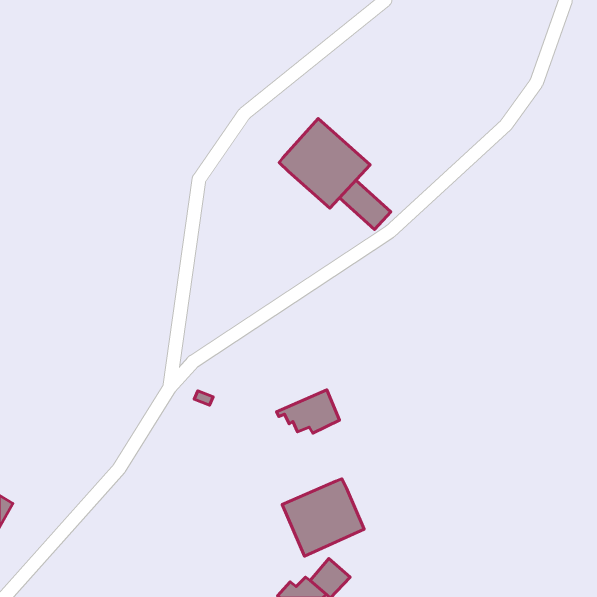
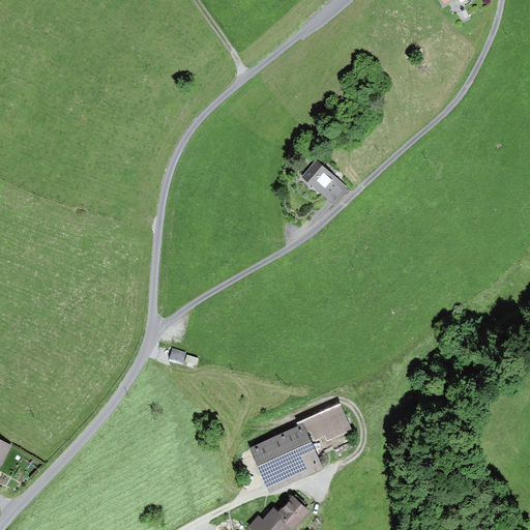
building: [279,118,370,208] -> none
building: [276,390,340,433] -> [295,403,351,441]

